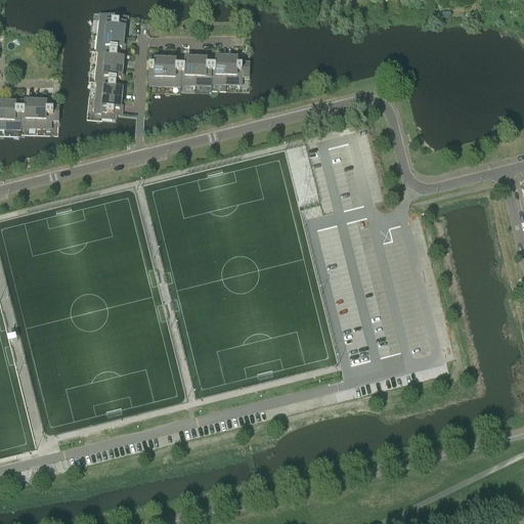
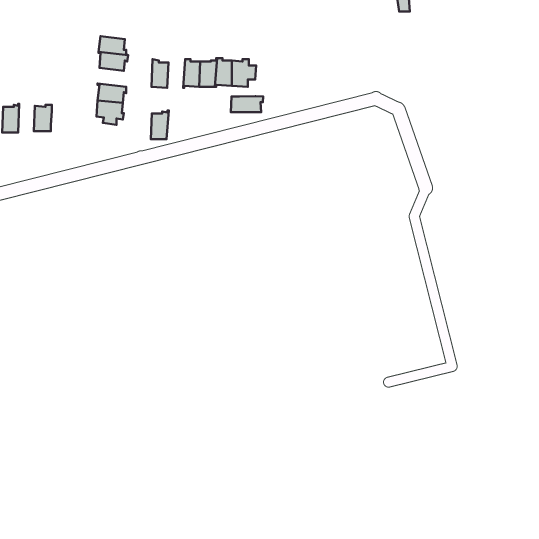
building: [97,14,125,38] -> none
building: [162,57,179,85] -> [151,110,169,139]
building: [94,66,122,84] -> none
building: none -> [231,96,263,112]
building: [17,100,34,128] -> none

